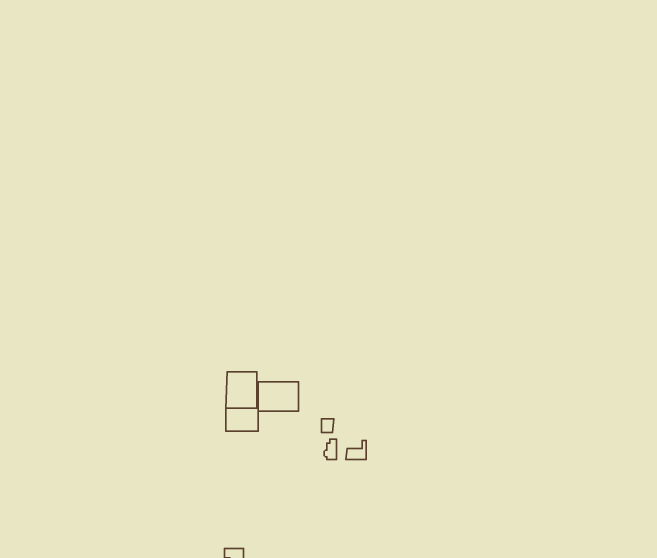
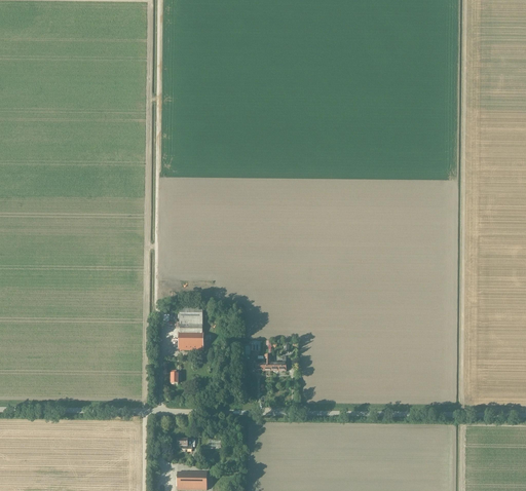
building: [258,382,299,411] -> none

